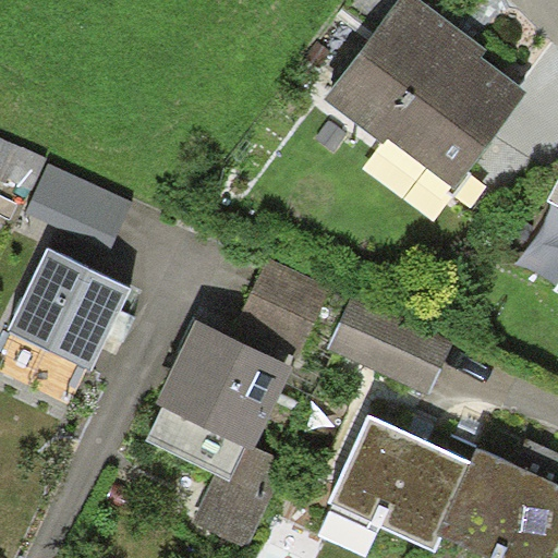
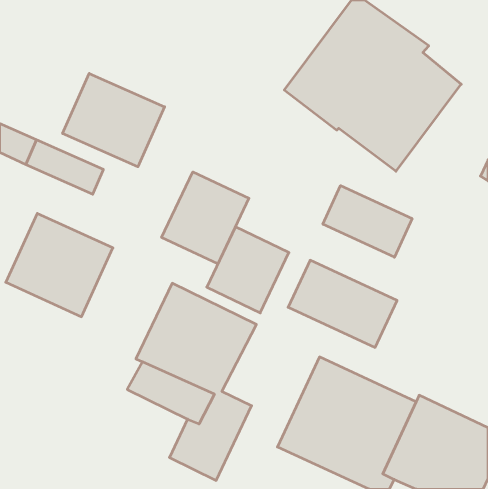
building: none -> [63,73,165,167]
building: none -> [162,172,249,264]
building: none -> [323,186,412,257]

